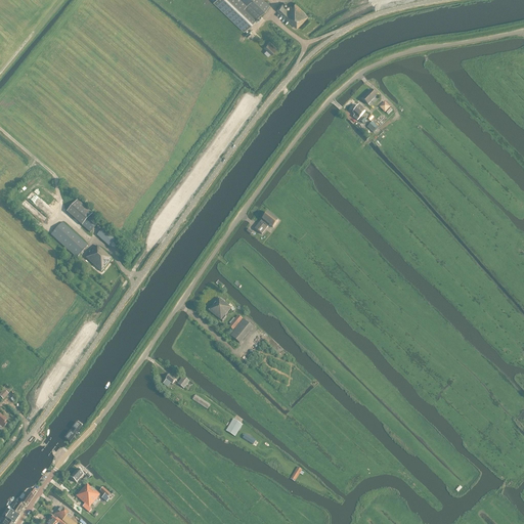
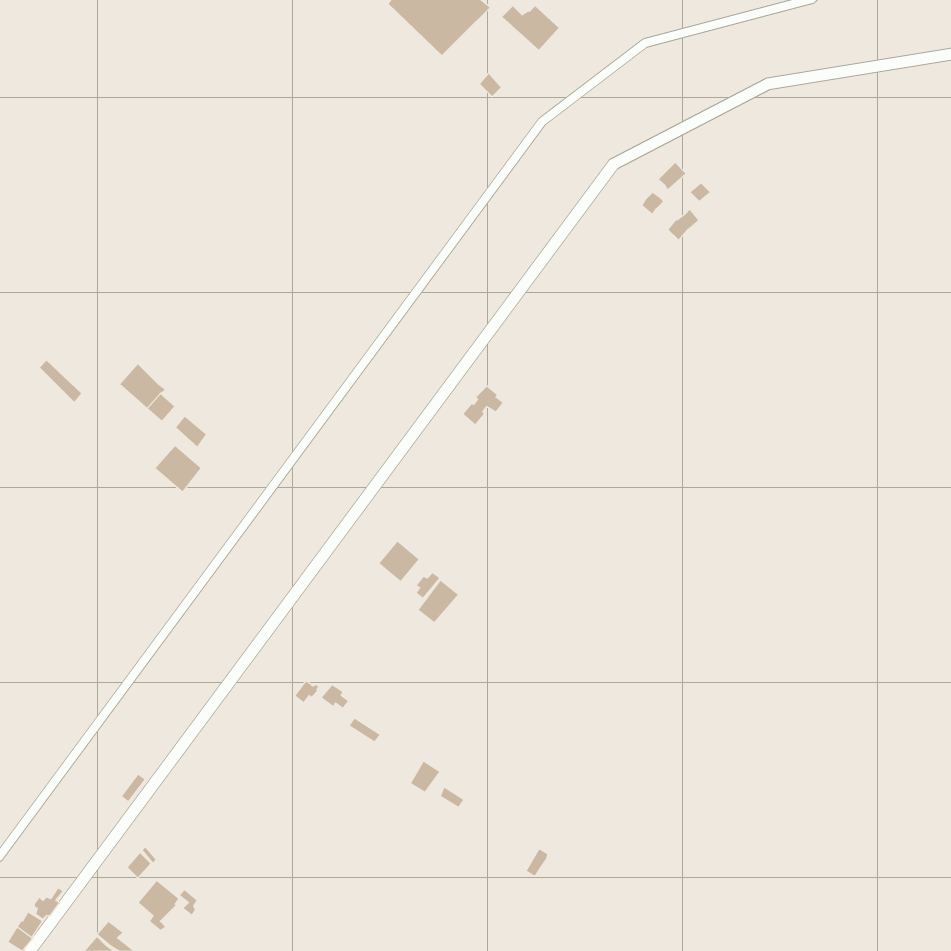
building: [50,221,86,256] -> none

